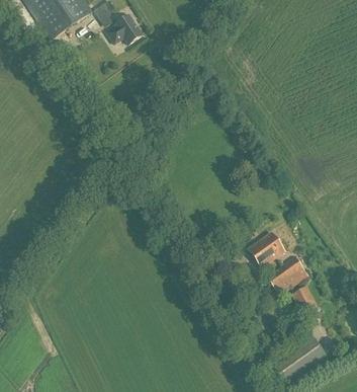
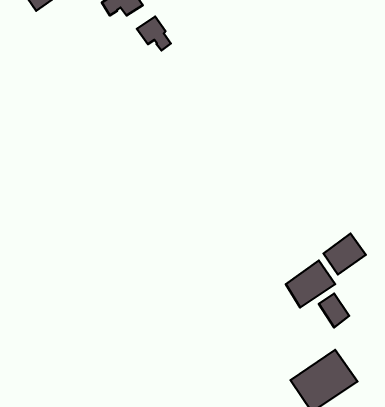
building: none -> [137,16,171,51]
building: [247,231,283,266] -> [324,234,366,275]

